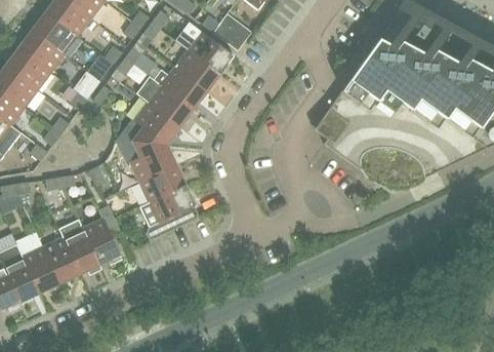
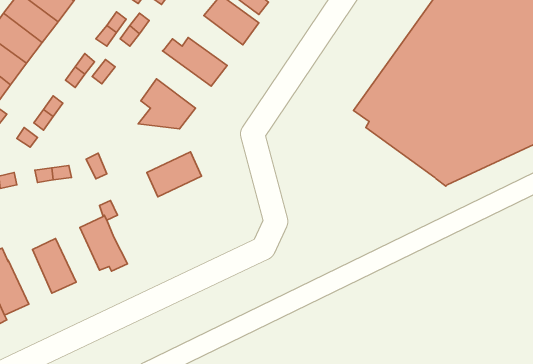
building: [173,48,219,90] -> none
building: [134,75,193,126] -> none
building: [129,140,175,181] -> none
building: [138,184,194,240] -> none
building: [57,218,100,274] -> none
building: [22,245,58,291] -> none

